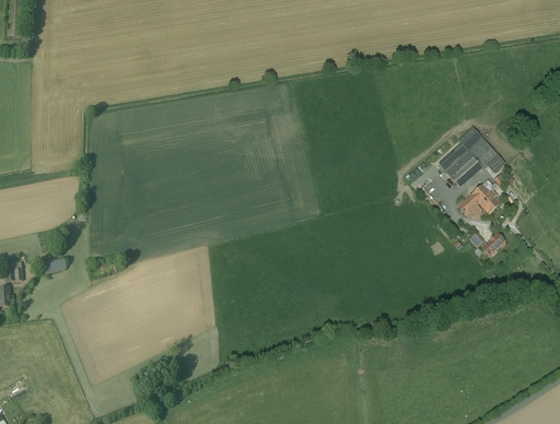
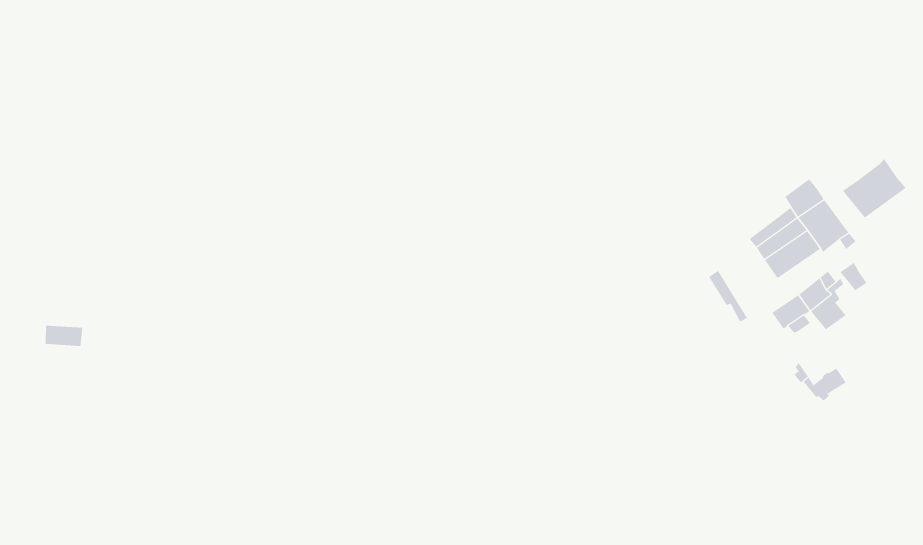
building: none -> [842,158,906,218]

